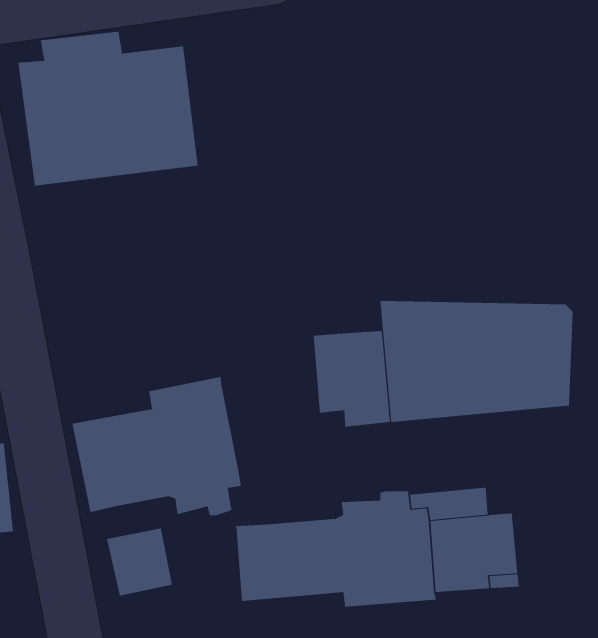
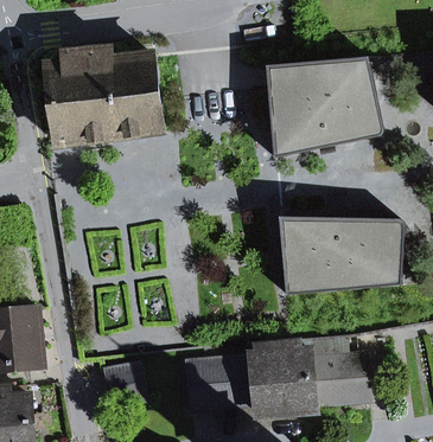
building: none -> [266,56,382,158]
building: [313,330,391,427] -> none
building: [72,376,241,516] -> none

